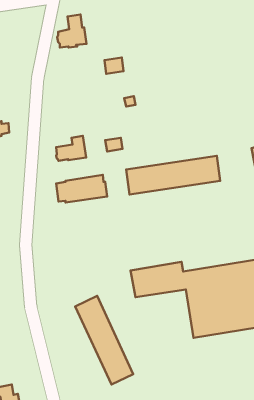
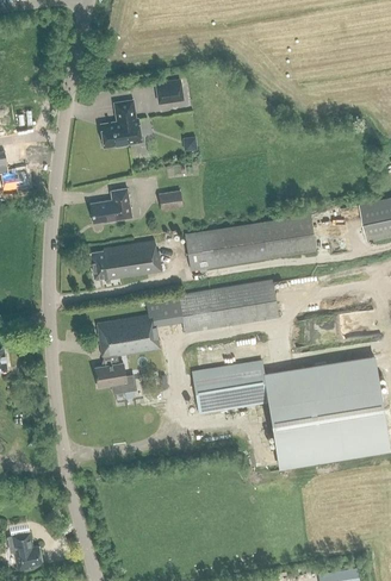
building: [57,15,87,47] -> [101,101,142,146]
building: none -> [95,279,279,394]
building: [75,296,133,385] -> none

